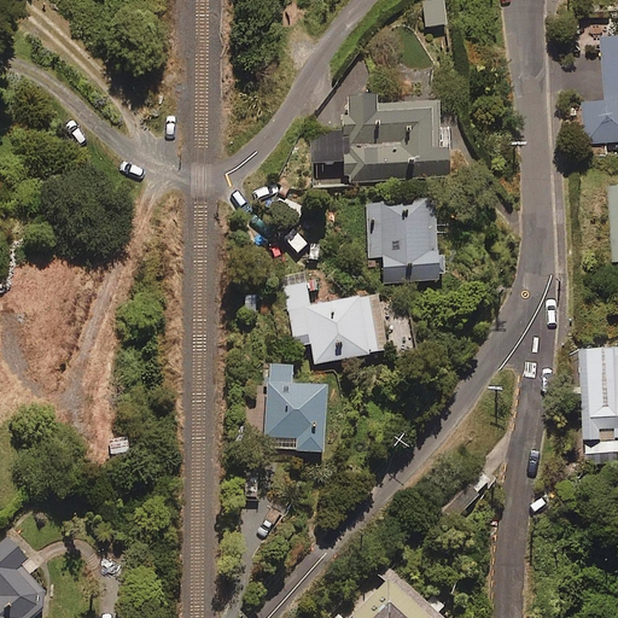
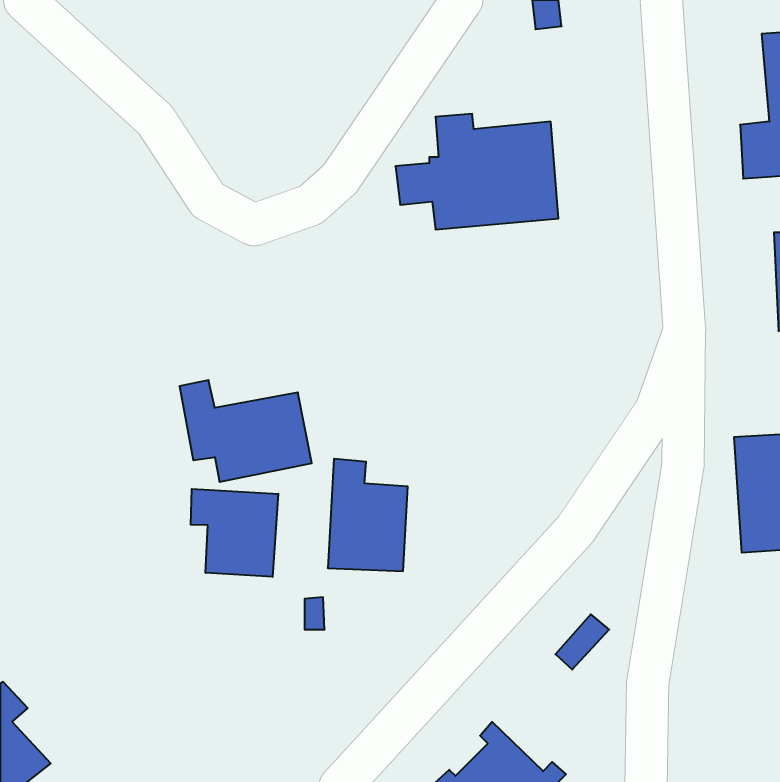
building: [368,200,444,282] -> none
building: [284,284,387,363] -> [179,380,312,482]
building: none -> [191,489,278,577]

